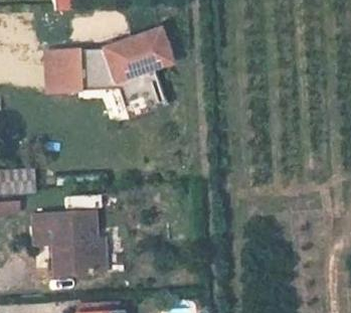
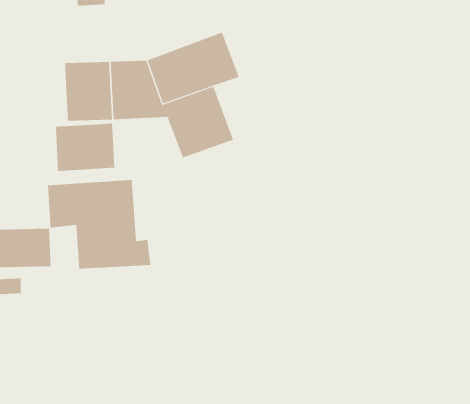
building: none -> [55,123,115,172]
building: [31,210,105,274] -> [47,180,151,269]

